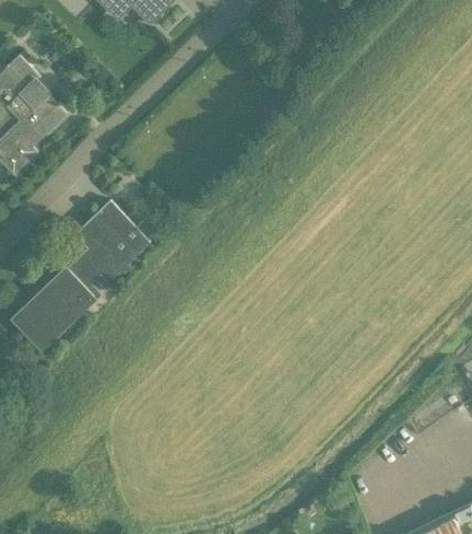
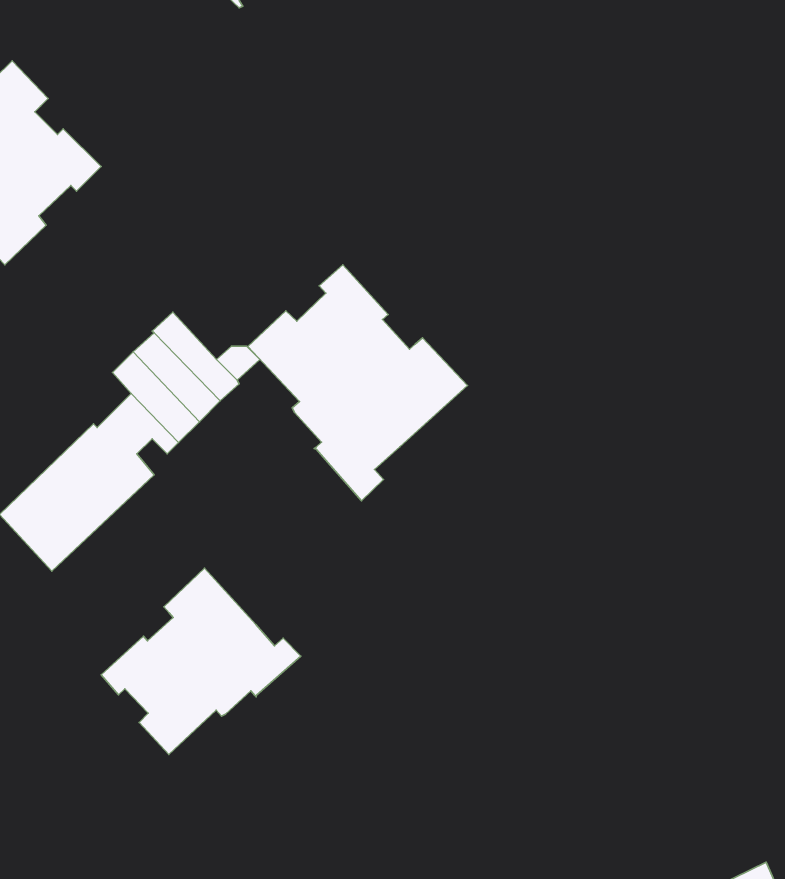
building: none -> [248,265,467,501]
building: none -> [101,568,301,754]

